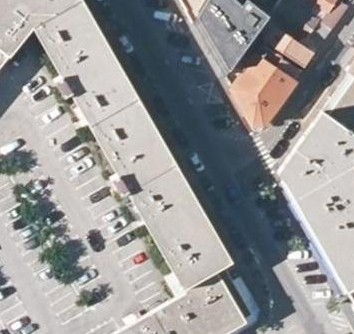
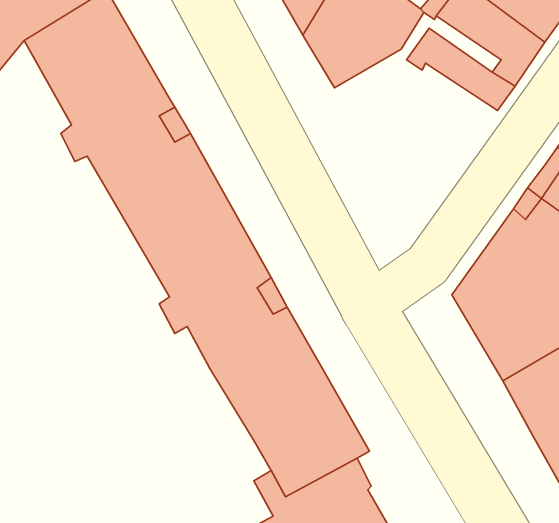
building: [212,11,269,76] -> none
building: [232,46,302,125] -> none

